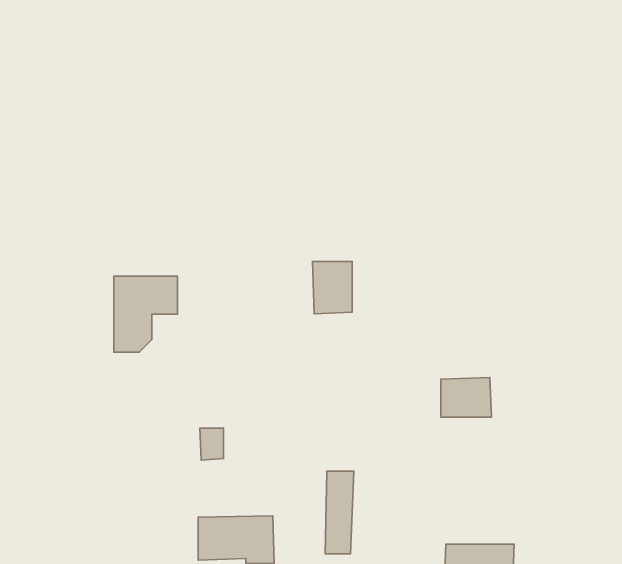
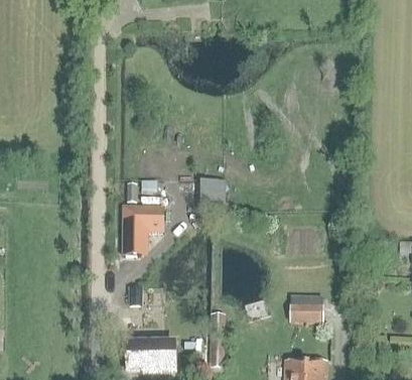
building: [114,276,177,352] -> [122,205,162,253]
building: [441,378,492,417] -> [289,294,321,320]

